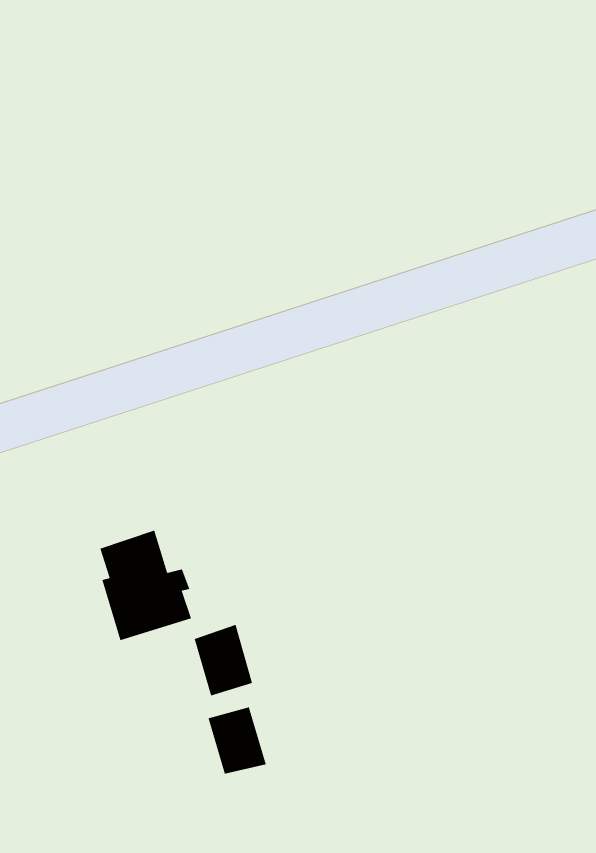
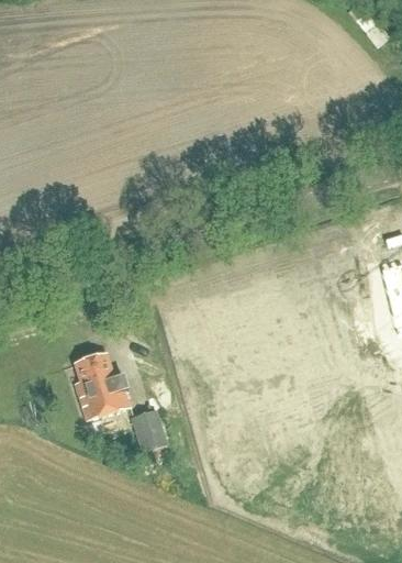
building: [208,707,266,775] -> none

